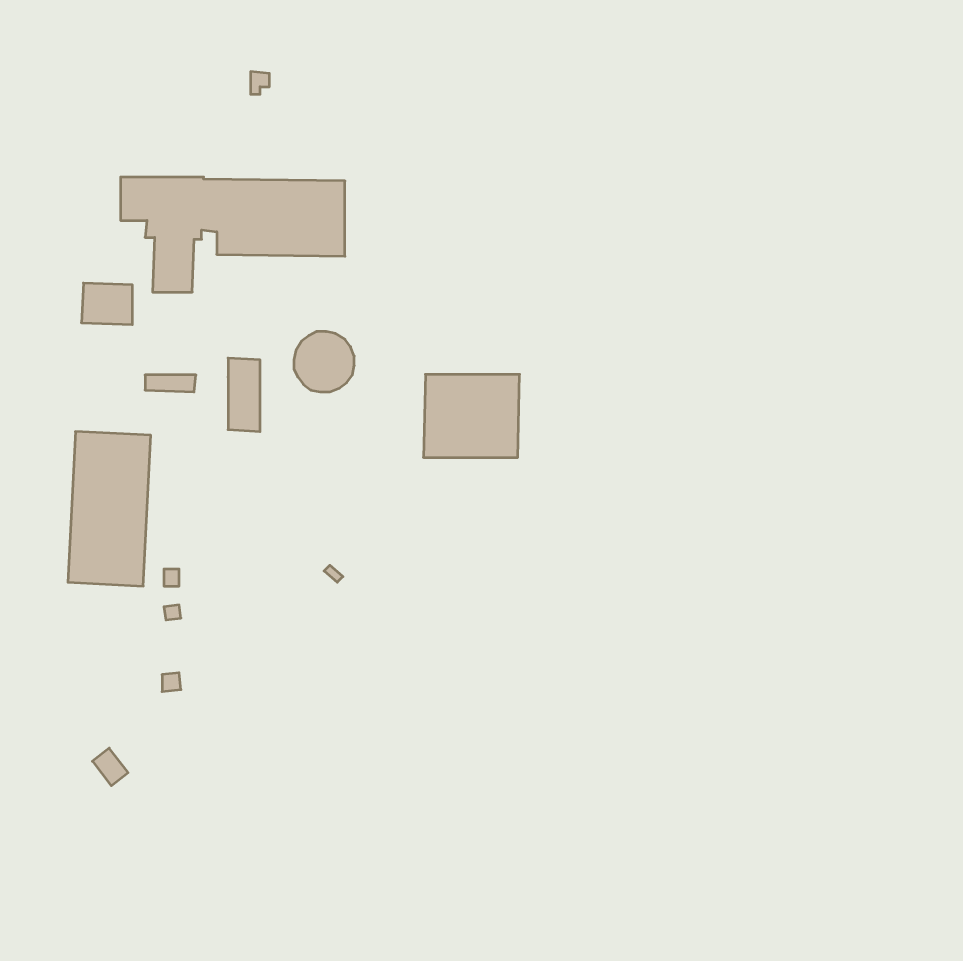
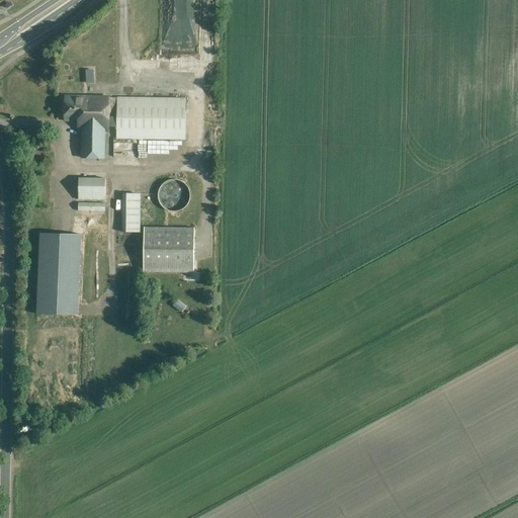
building: [81,283,132,325] -> [78,176,105,198]
building: [423,374,520,457] -> [143,227,194,271]

